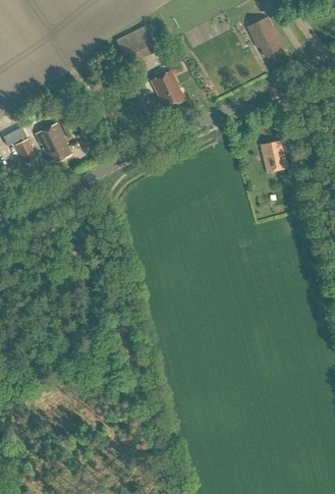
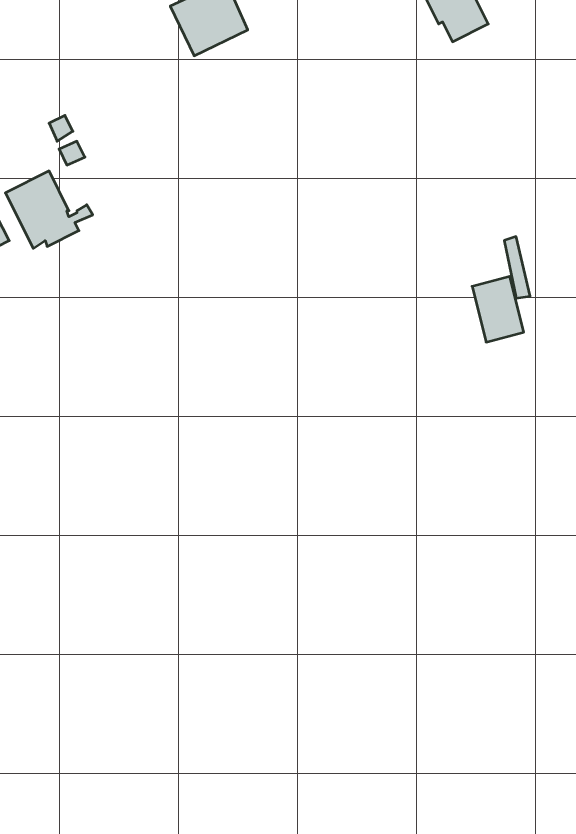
building: [150,70,185,107] -> none
building: [260,139,286,172] -> [472,276,524,342]

